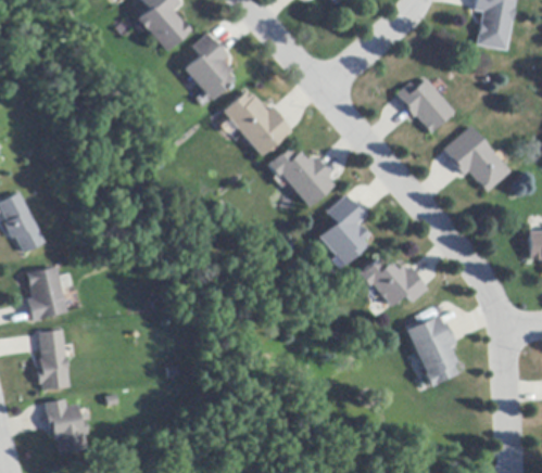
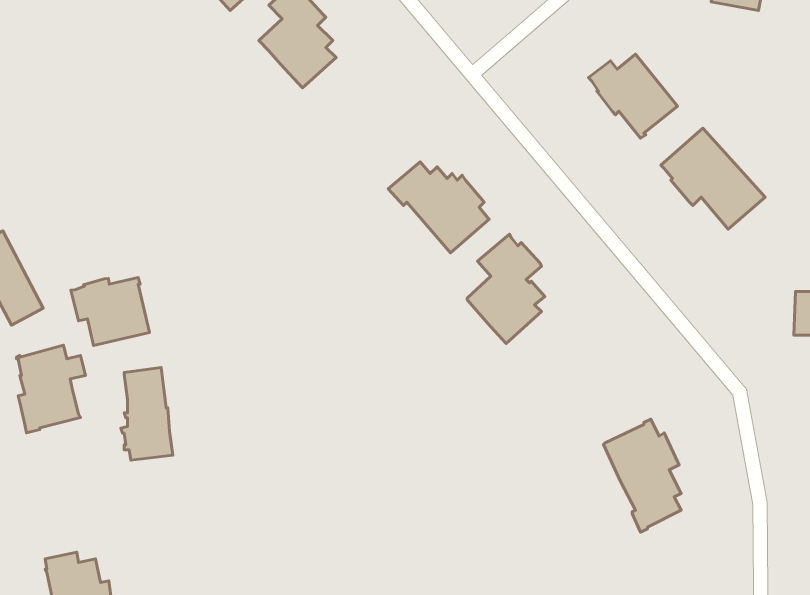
building: [222,91,290,156] -> none
building: none -> [71,277,149,346]
building: [360,257,426,305] -> none
building: [37,330,71,389] -> [121,368,173,460]

